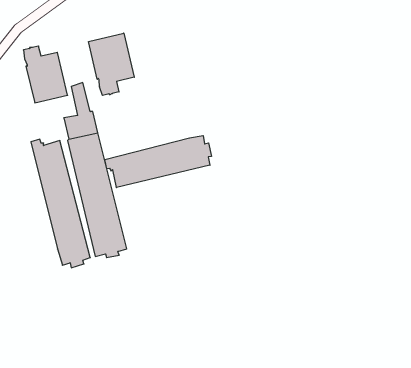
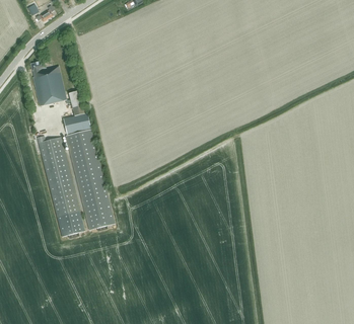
building: [89,33,134,95] -> none
building: [105,136,211,188] -> none

